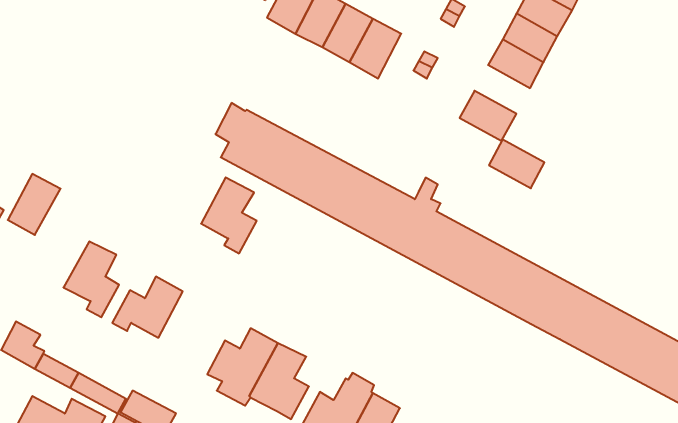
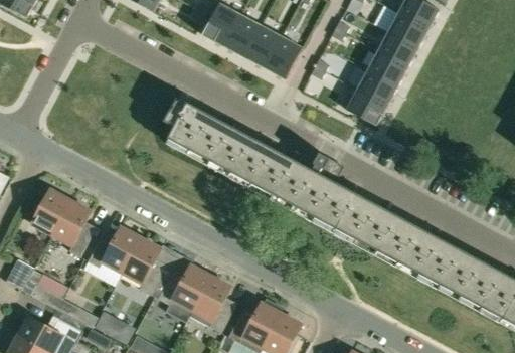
building: [489,139,544,188] -> [356,69,397,106]
building: [8,174,61,235] -> [31,189,70,234]
building: [201,177,257,253] -> [122,237,163,294]

